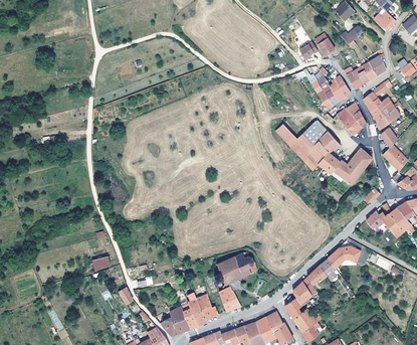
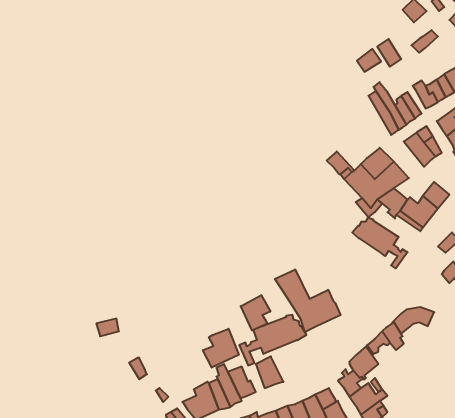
building: none -> [352,217,408,268]
building: none -> [275,269,341,332]
building: none -> [241,295,270,330]
building: none -> [203,329,239,368]

